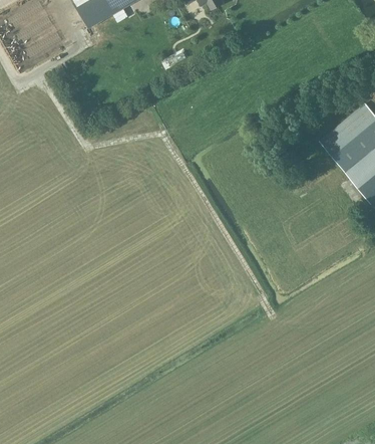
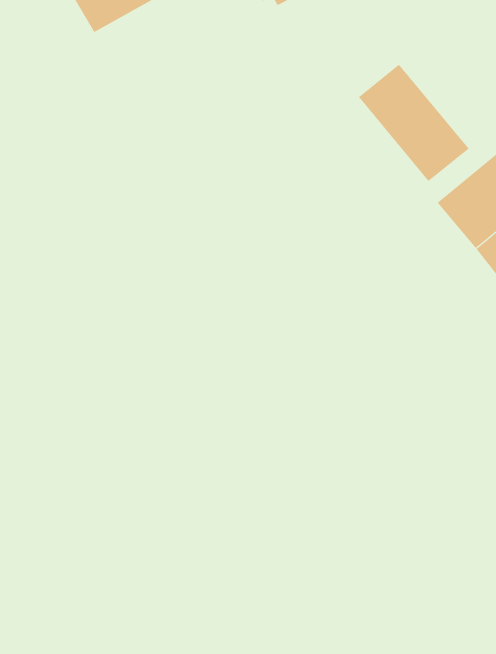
building: none -> [358,64,469,182]

